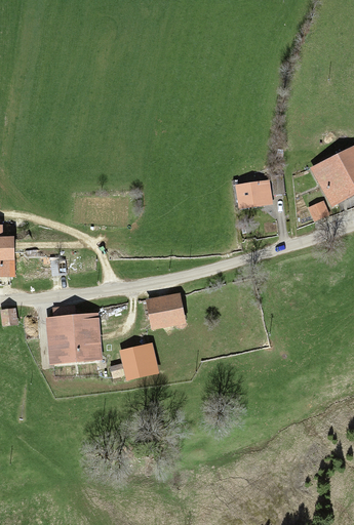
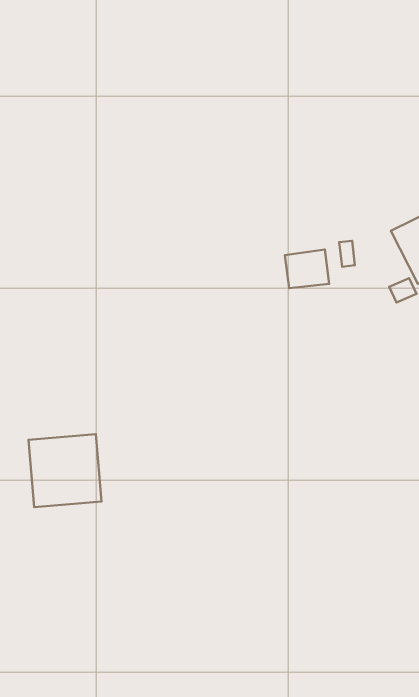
building: [148,292,186,327] -> none
building: [113,345,155,380] -> none

